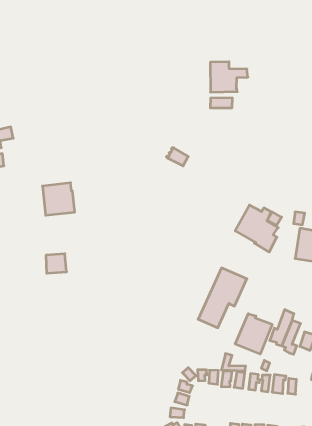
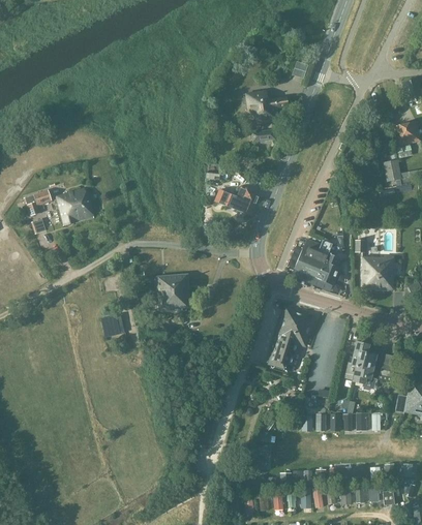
building: none -> [233,186,260,215]
building: [42,183,75,215] -> [57,188,94,225]
building: none -> [157,274,190,311]
building: [235,314,272,354] -> none

